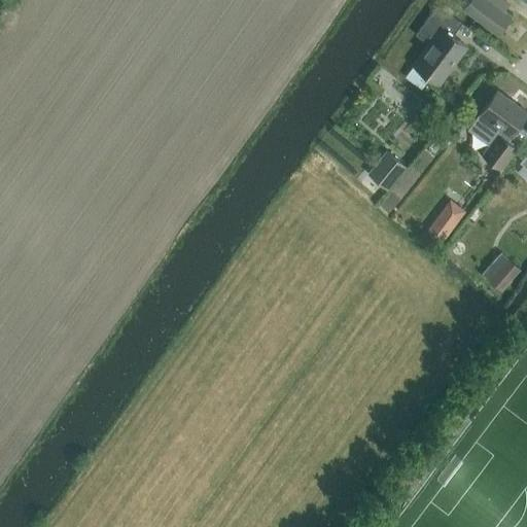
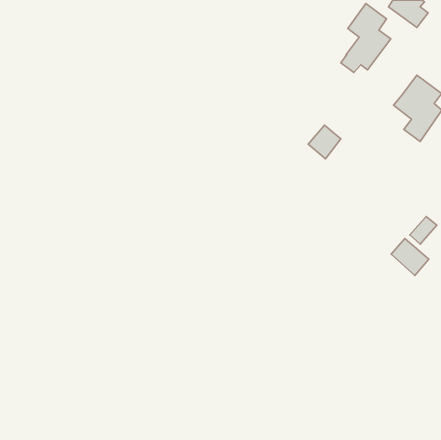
building: [427,204,465,244] -> none
building: none -> [391,239,429,276]

